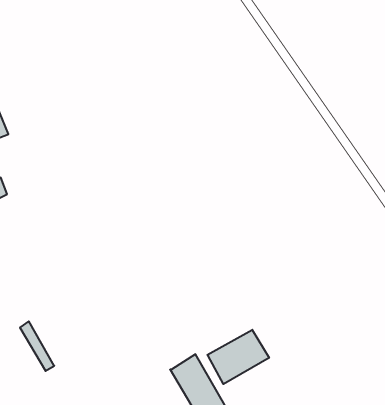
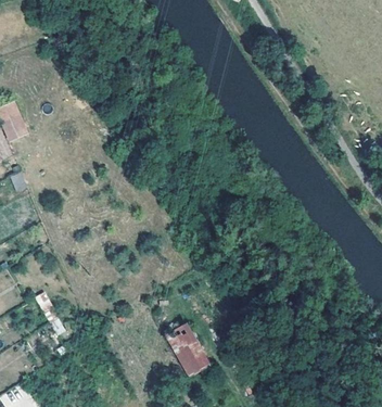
building: [207,330,269,384] -> none

